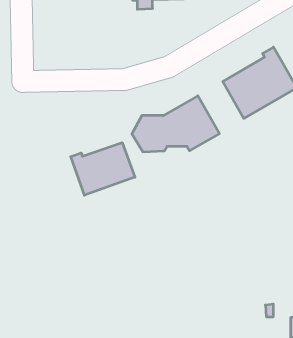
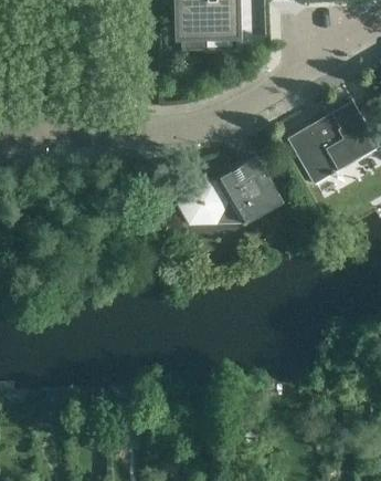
building: [71,143,135,195] -> none

